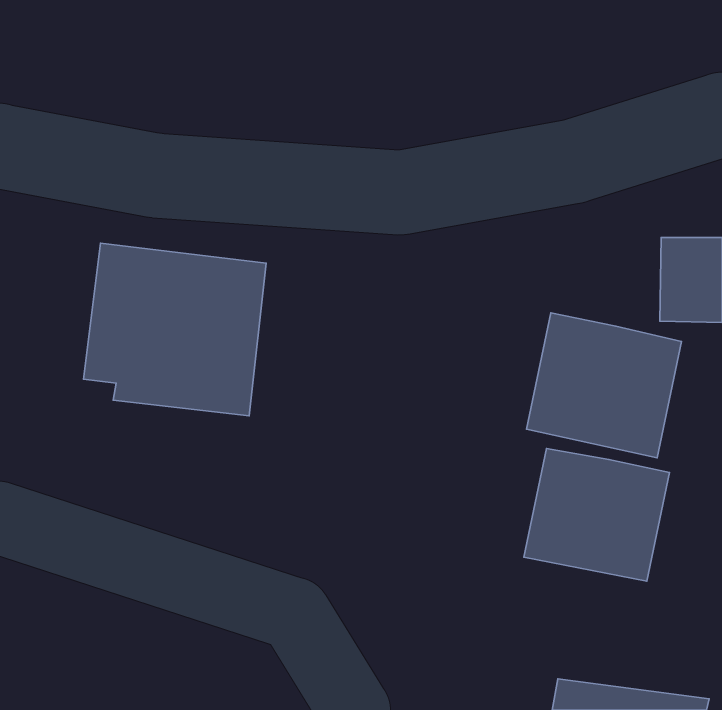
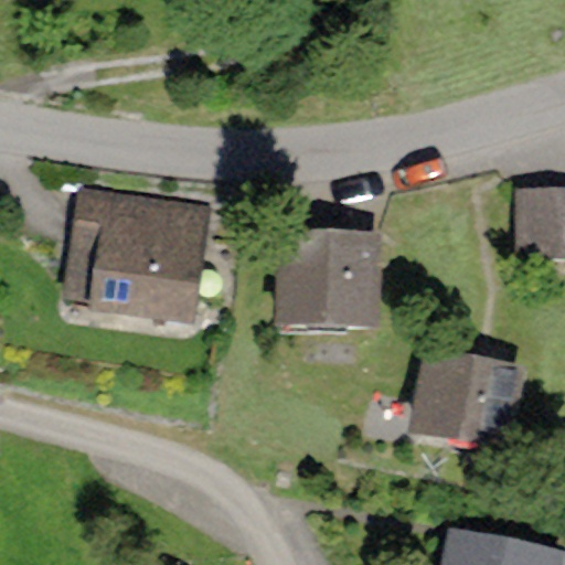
building: none -> [276,230,387,332]
building: [527,313,681,458] -> none

